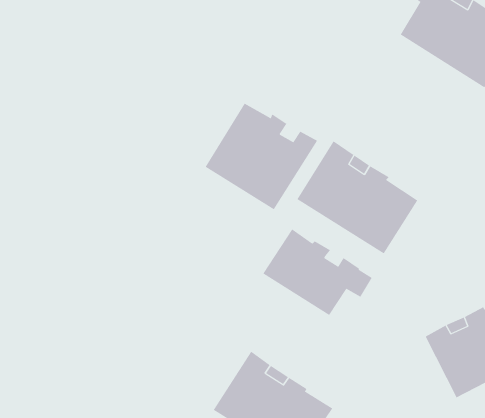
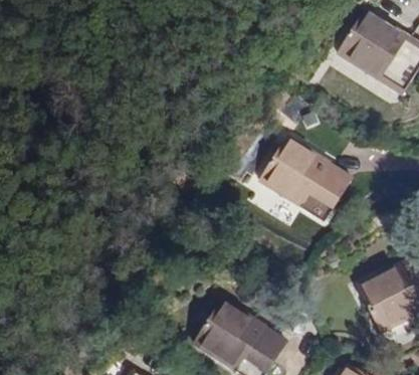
building: [205,103,318,210] -> none
building: [262,229,372,316] -> none

